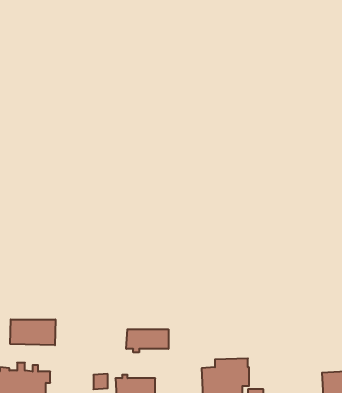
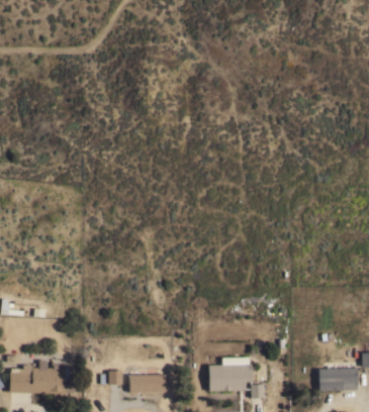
building: [10,319,55,345] -> none
building: [126,329,168,352] -> none

